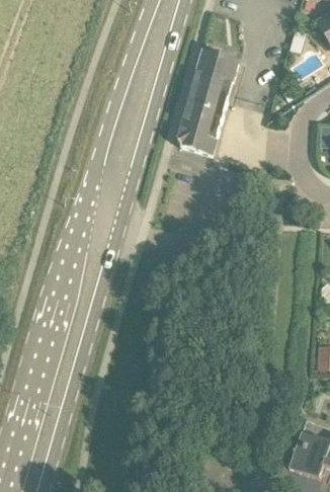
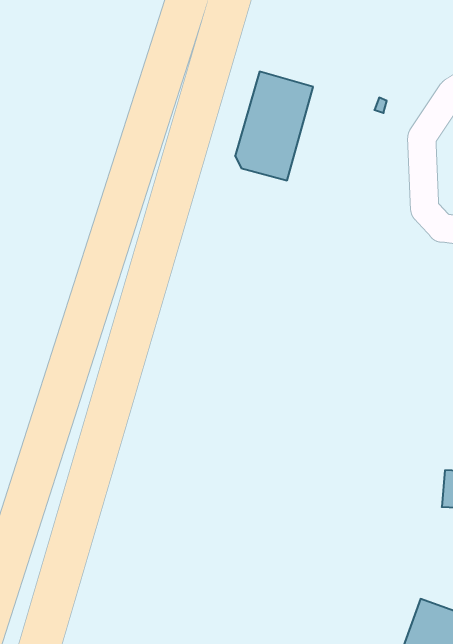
building: [194,51,239,92] -> none

